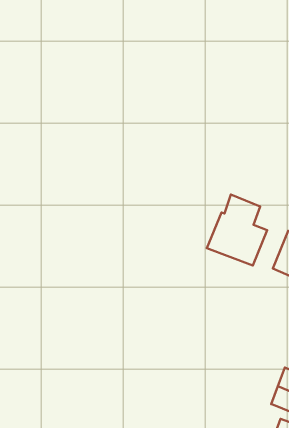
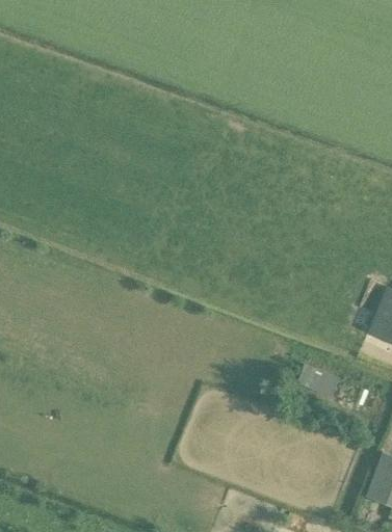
building: [207,195,267,266] -> none

